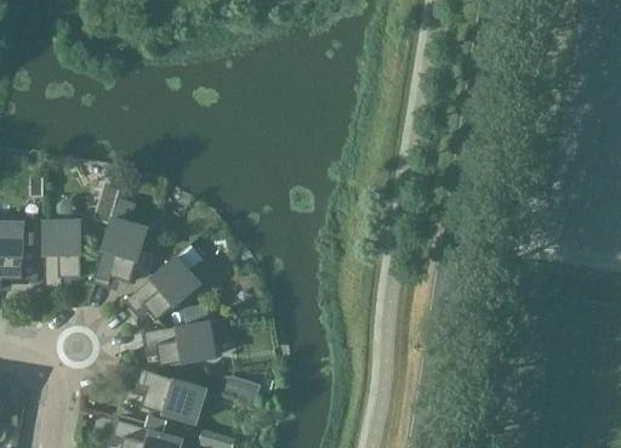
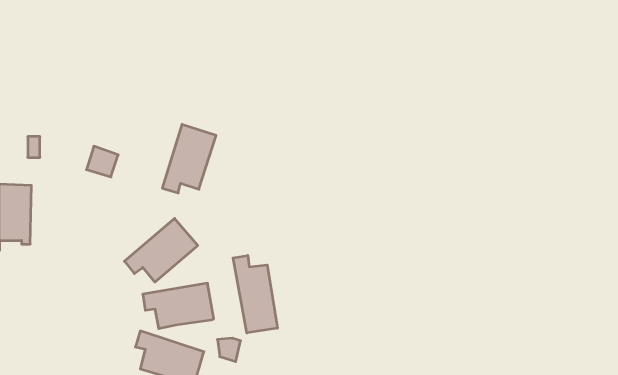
building: [95,217,148,285] -> [162,124,216,193]
building: [45,221,82,288] -> none
building: none -> [233,255,277,333]

